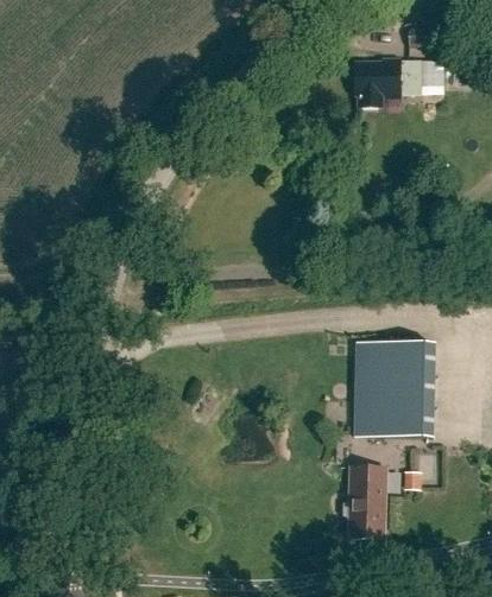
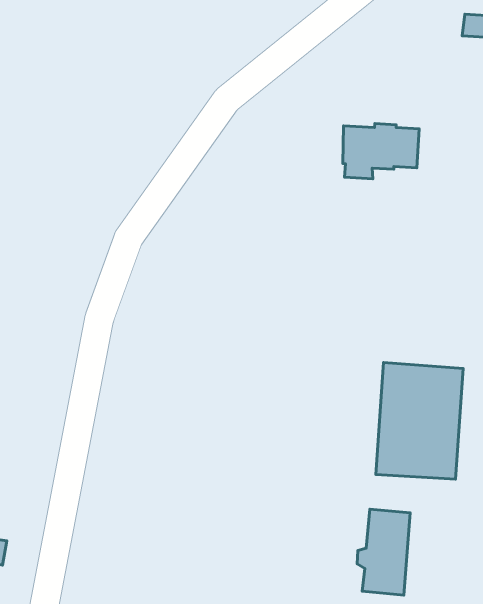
building: [355,61,422,109] -> [343,124,419,179]

